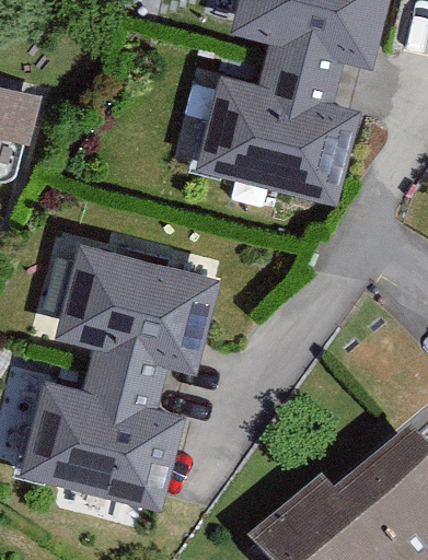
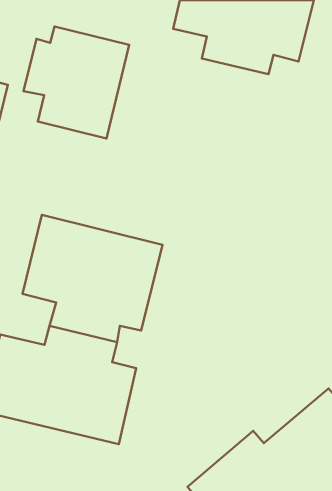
building: none -> [24,27,129,138]
building: [192,67,359,205] -> none

